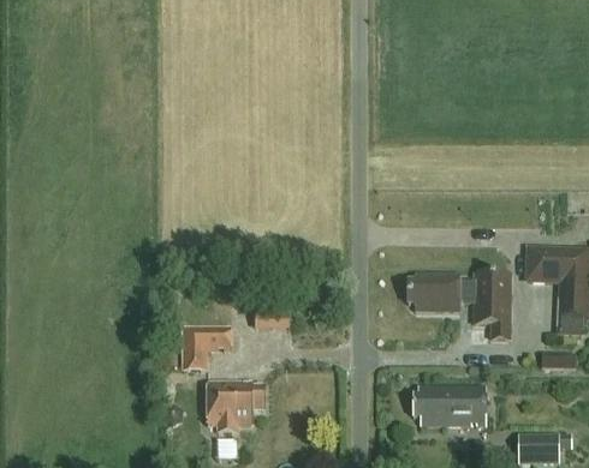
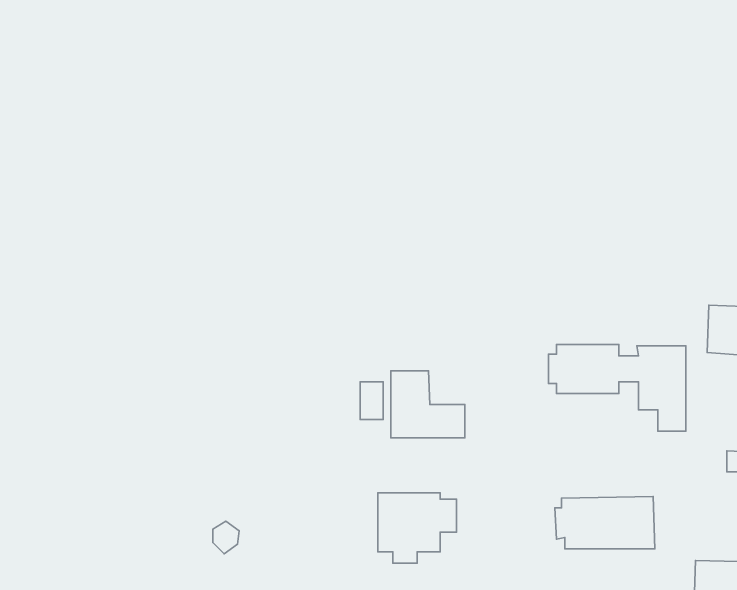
building: none -> [391,371,465,438]
building: [180,326,228,370] -> none
building: [204,382,262,433] -> [378,493,457,563]

